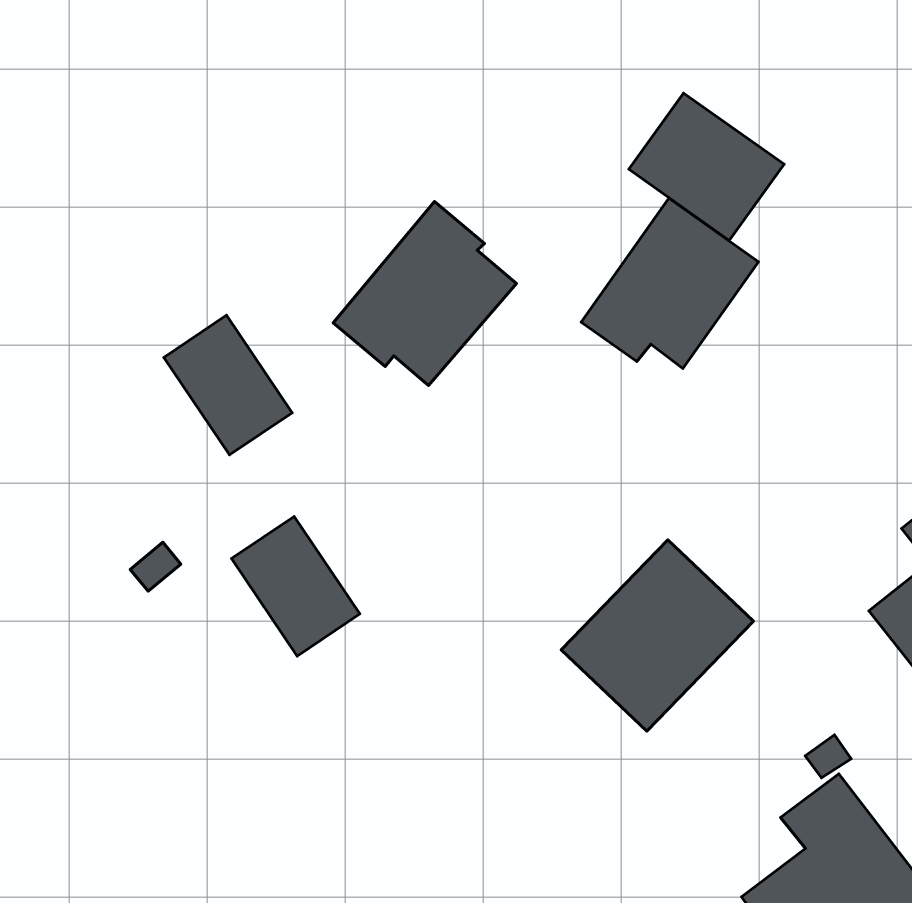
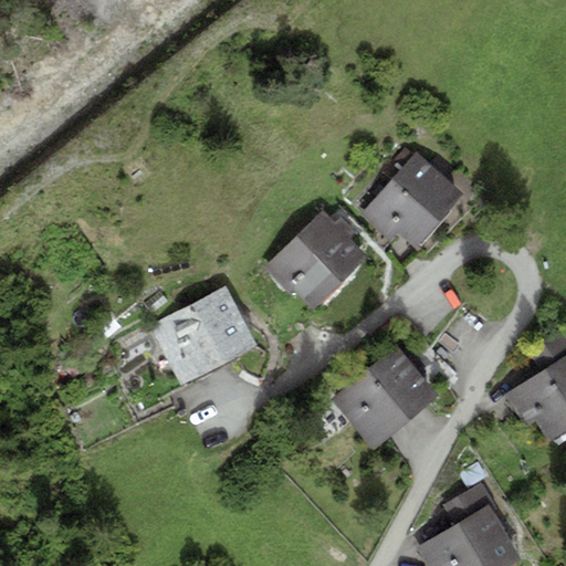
building: [629,93,784,240] -> none
building: [333,202,516,386] -> [263,206,368,308]
building: [164,315,292,455] -> [188,287,256,366]

